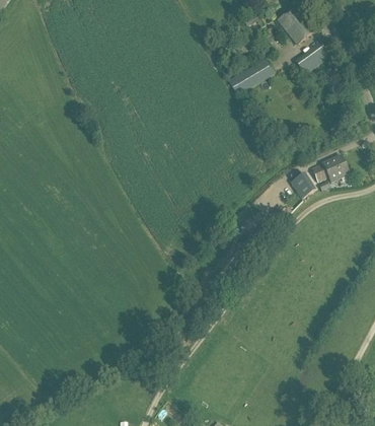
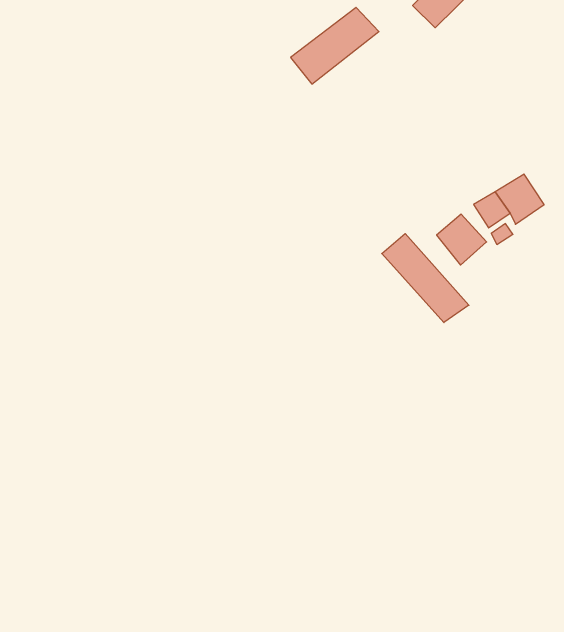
building: none -> [382,234,469,323]

